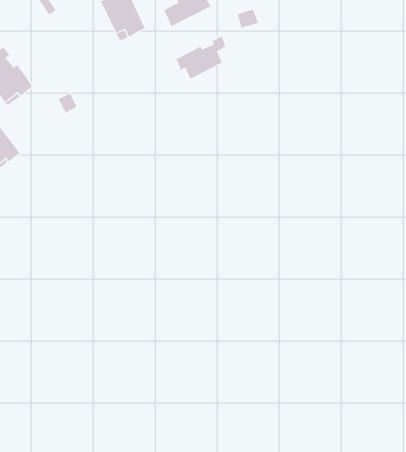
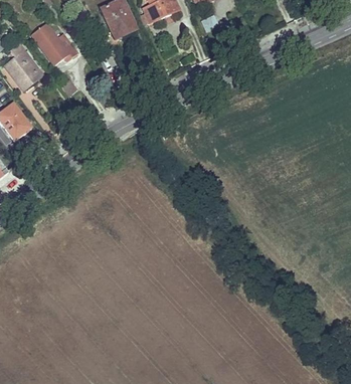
building: none -> [32,22,77,64]
building: [176,36,226,80] -> none

